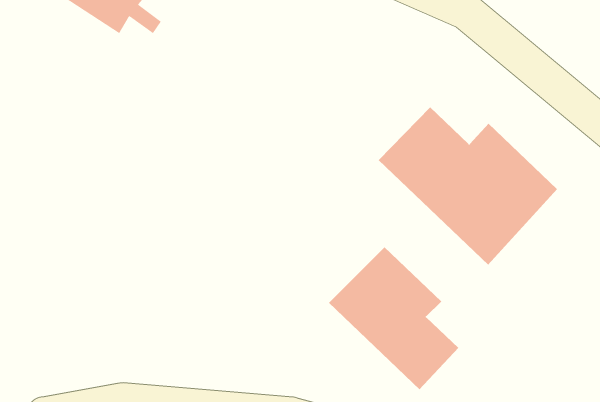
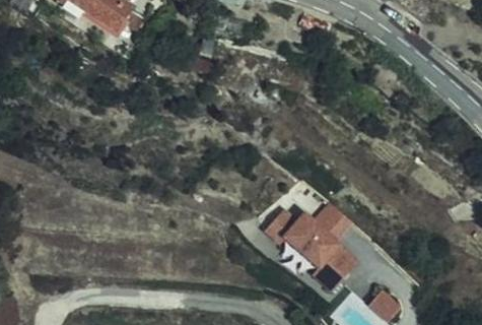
building: [378,107,558,265] -> none

